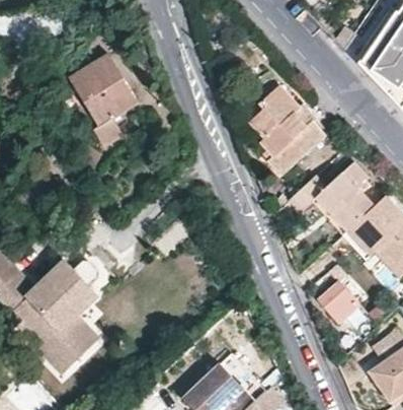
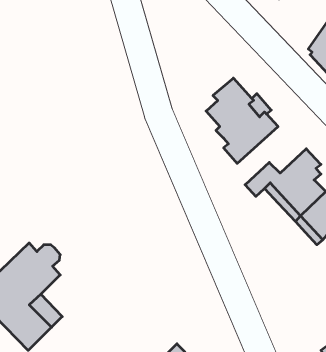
building: [69,52,138,146] -> none
building: [319,281,359,322] -> none

